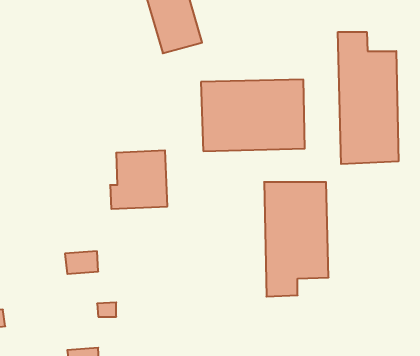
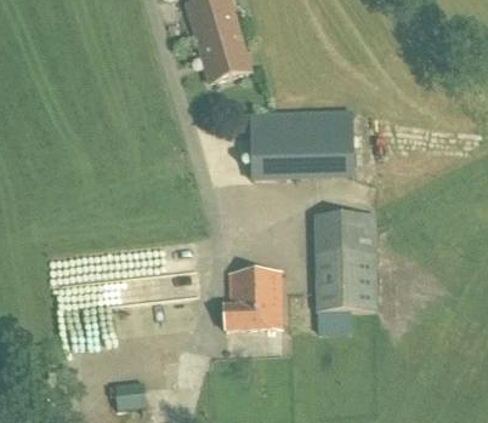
building: [338,32,398,164] -> none
building: [110,150,167,209] -> [223,269,282,328]

